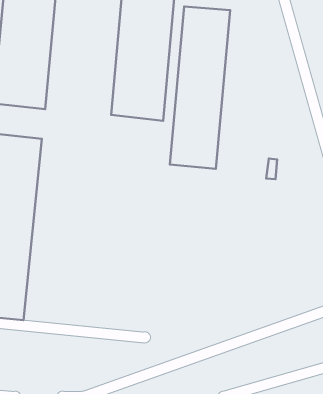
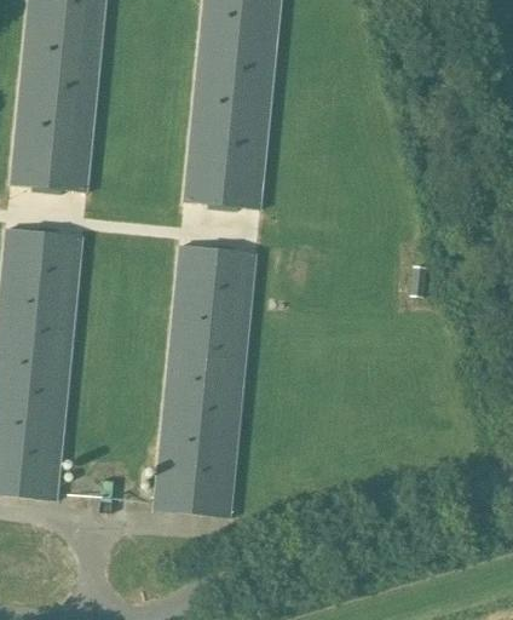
building: [170,7,230,169] -> none
building: none -> [156,245,257,519]

